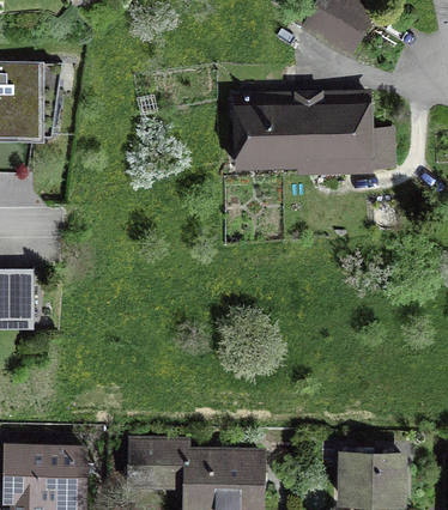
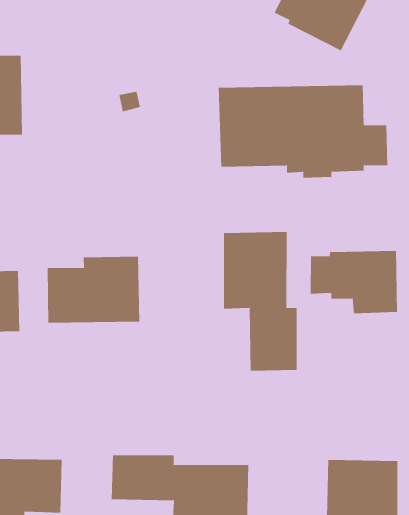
building: none -> [223,231,297,372]
building: none -> [310,250,397,314]
building: none -> [47,256,140,323]

